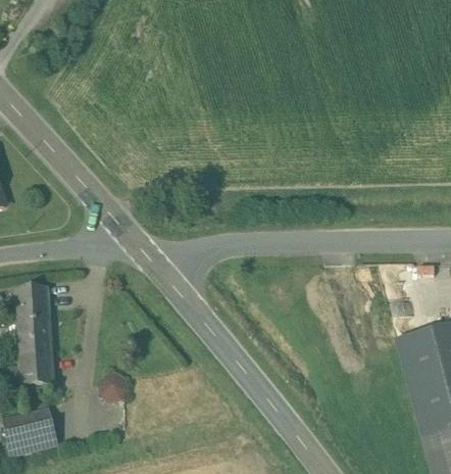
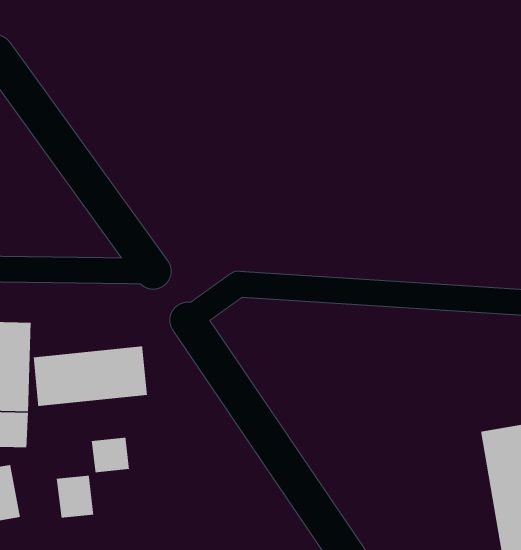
building: none -> [33,346,148,407]
building: none -> [56,475,94,519]

